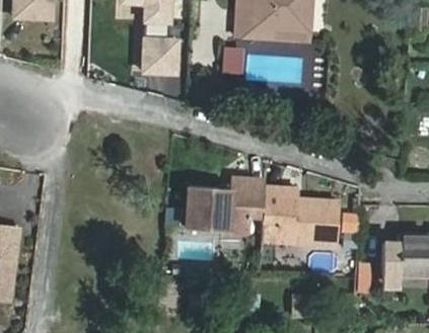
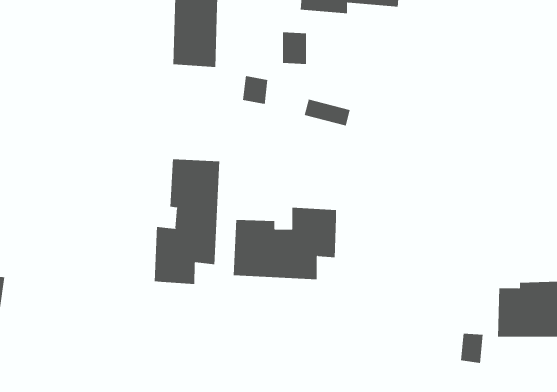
building: none -> [154,158,220,285]
building: [262,187,338,242] -> none

